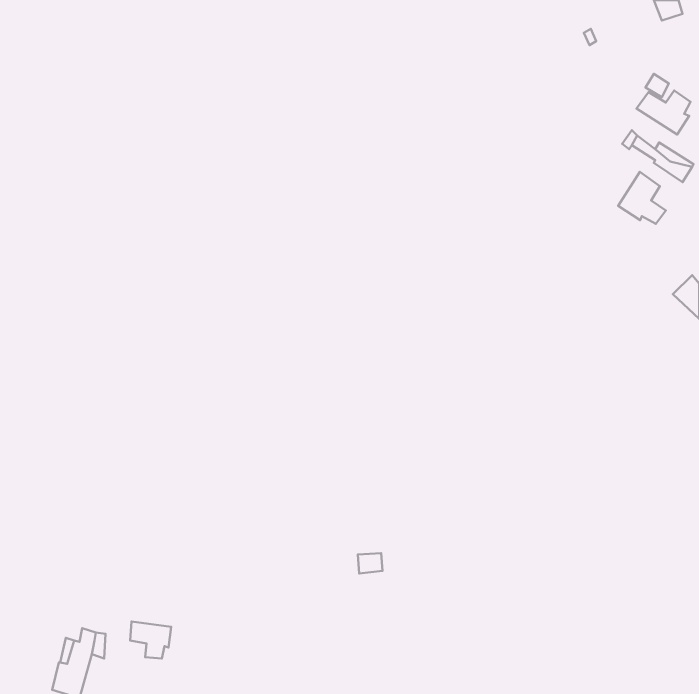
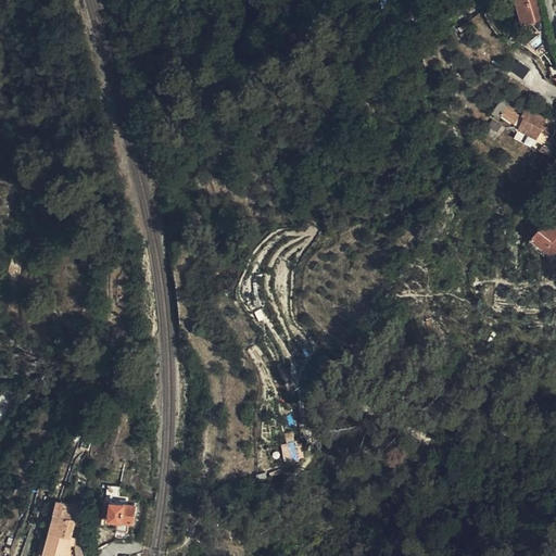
building: [636,90,690,134] -> none
building: [618,172,666,224] -> none

